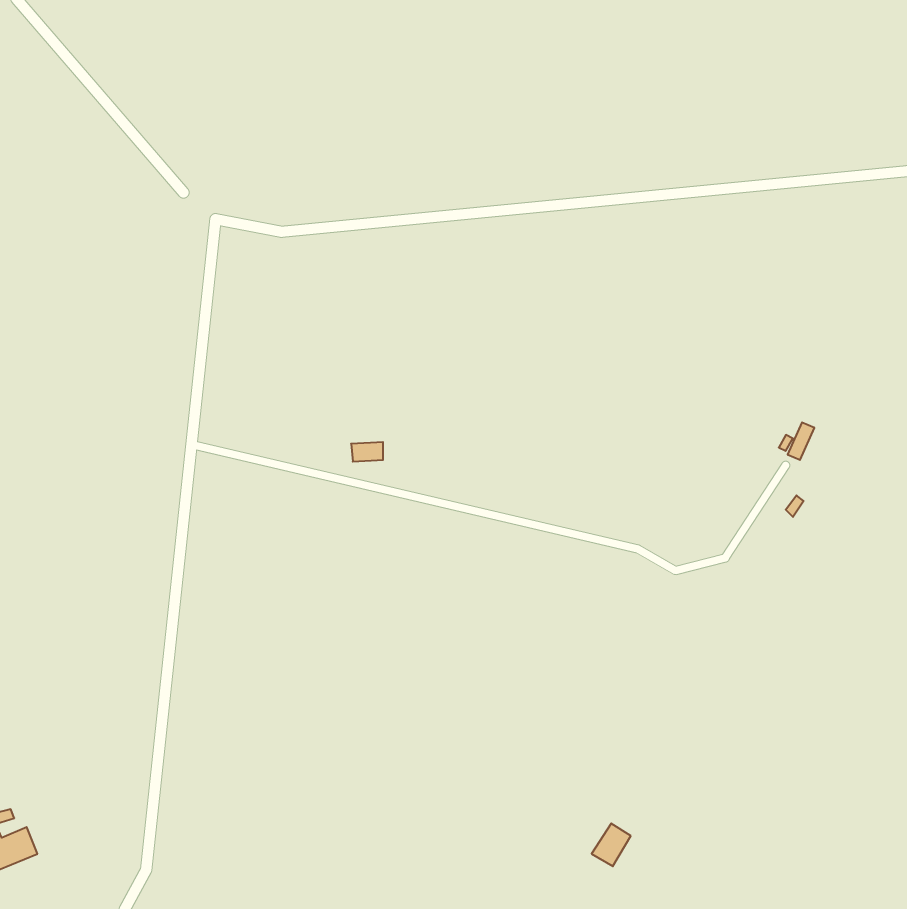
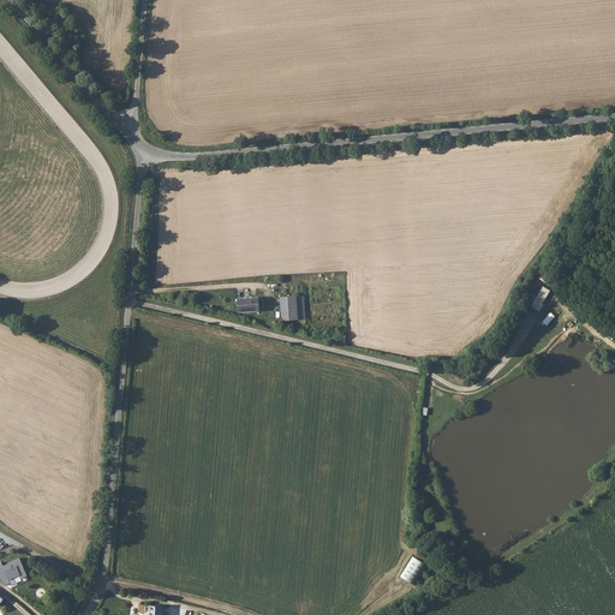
building: none -> [280,295,305,320]

